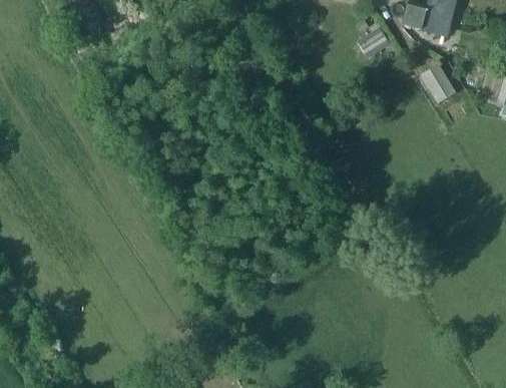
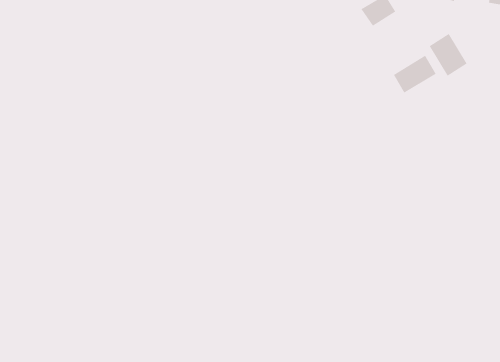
building: none -> [393,55,436,94]

